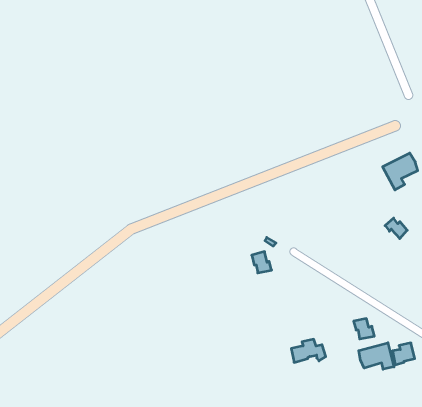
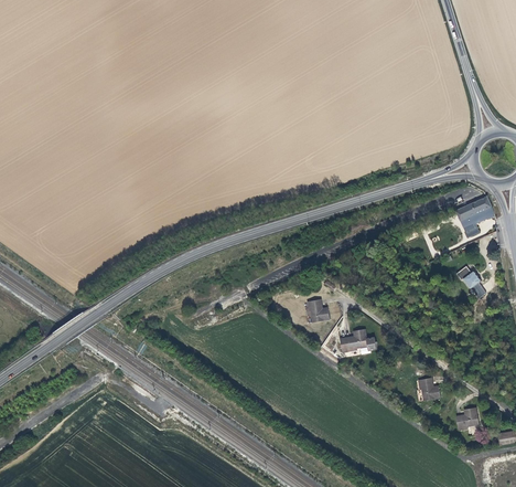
building: [291,339,326,362] -> [340,329,377,353]
building: [359,343,394,369] -> none

